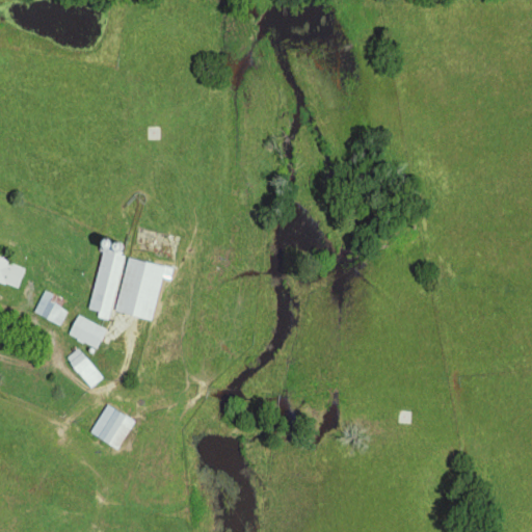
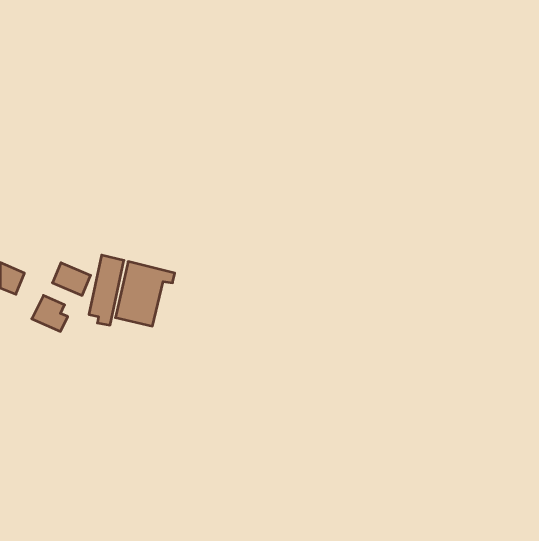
building: [69,315,106,347] -> [52,263,91,295]
building: [66,349,103,388] -> none
building: [90,404,135,449] -> none

